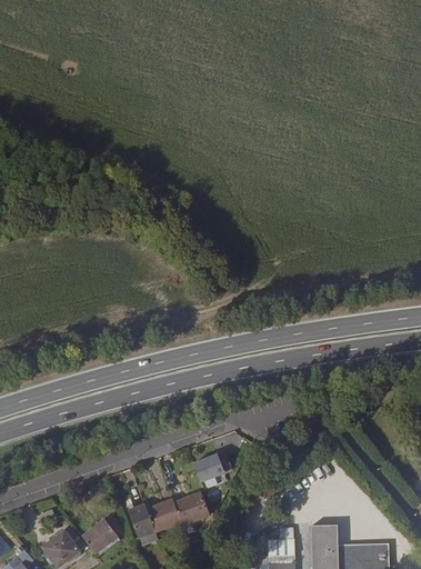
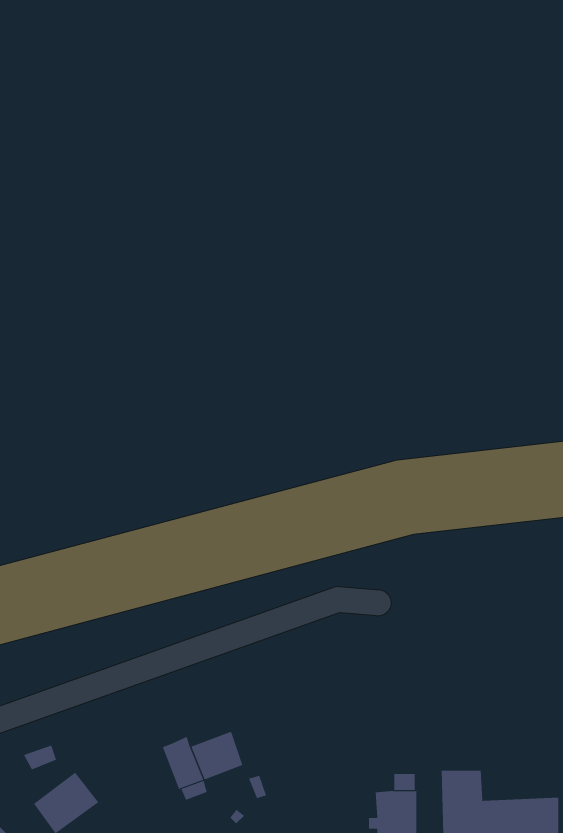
building: [193,455,234,485] -> none
building: [173,492,209,526] -> none
building: [81,517,121,555] -> none

